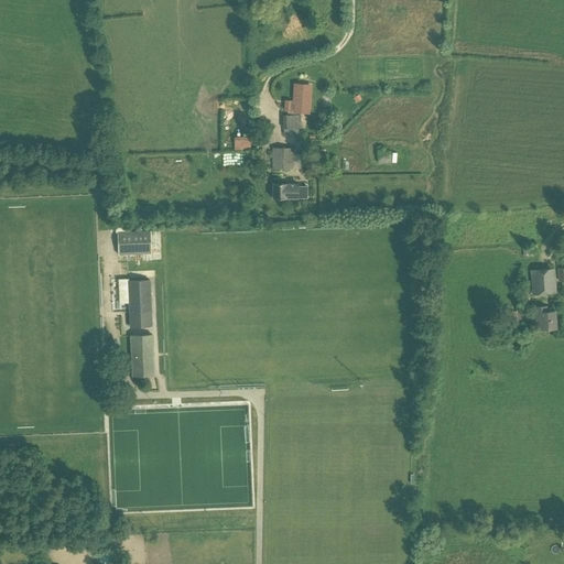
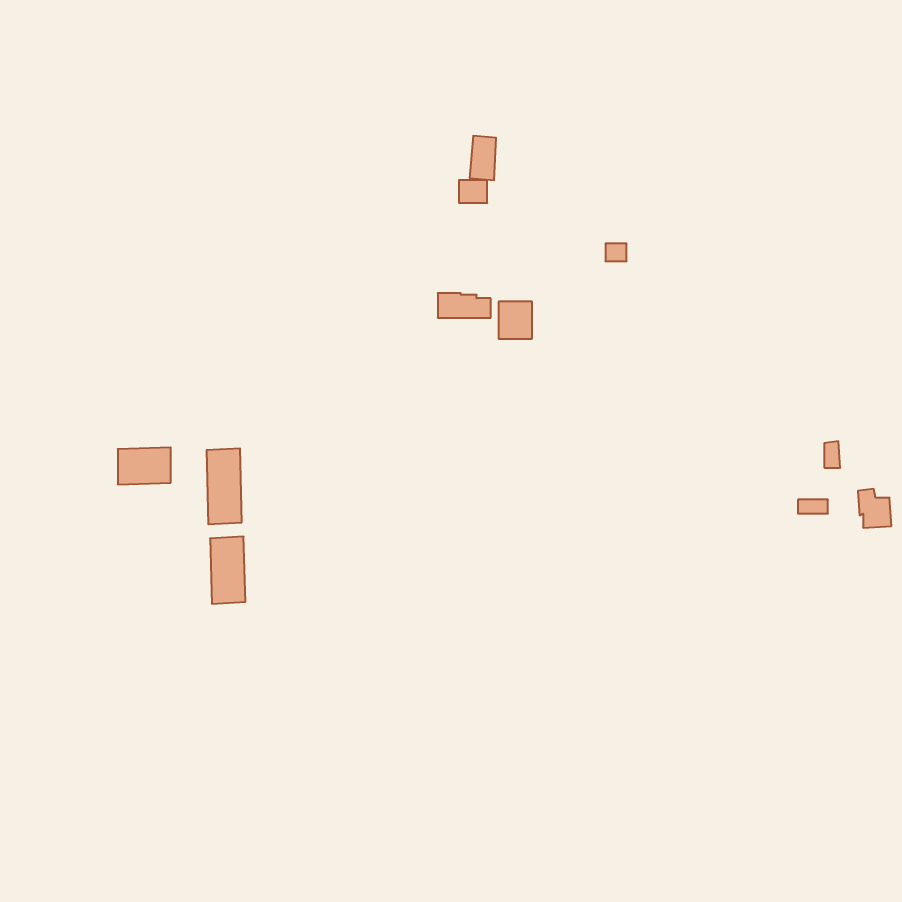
building: [272,148,293,171] -> [499,302,532,339]
building: [118,232,151,256] -> [118,447,171,484]
building: [531,269,556,295] -> none

